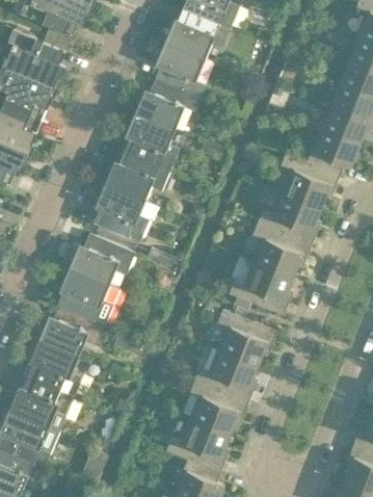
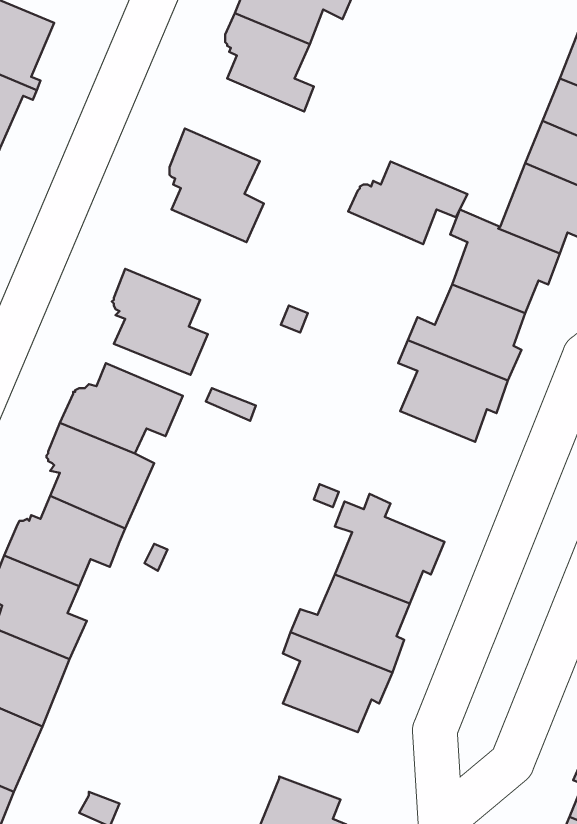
building: [136,80,201,125] -> [348,162,467,244]
building: [104,151,169,200] -> none
building: [229,260,293,314] -> none
building: [165,418,230,470] -> none

